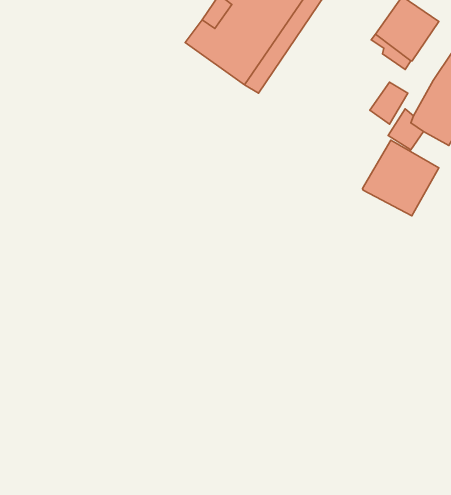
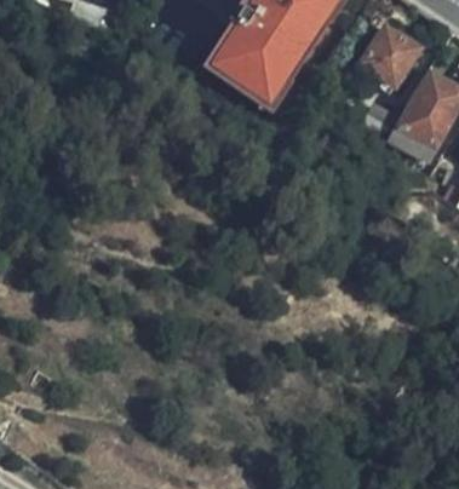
building: [362,140,439,216] -> none

